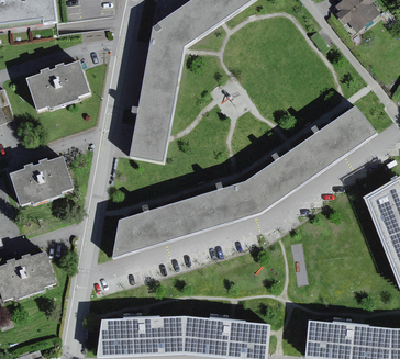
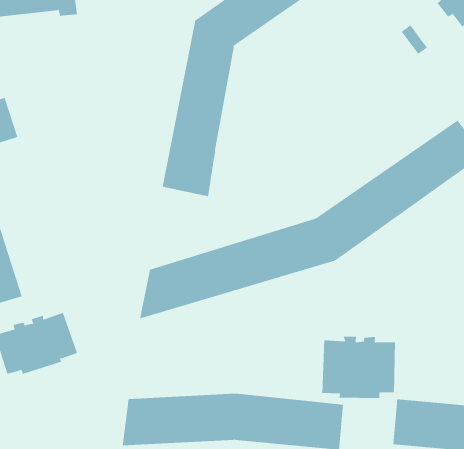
building: [25,61,90,110] -> none
building: [16,158,80,207] -> none
building: none -> [322,336,395,399]

